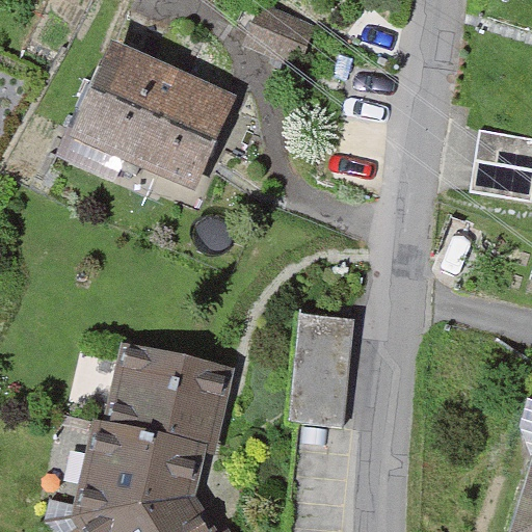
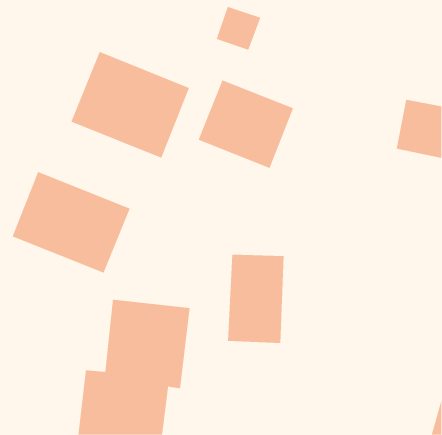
building: none -> [198,80,294,169]
building: none -> [12,171,130,273]

